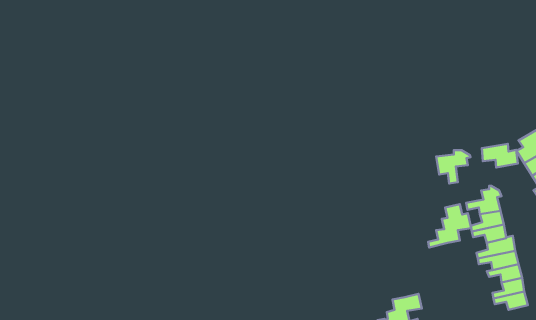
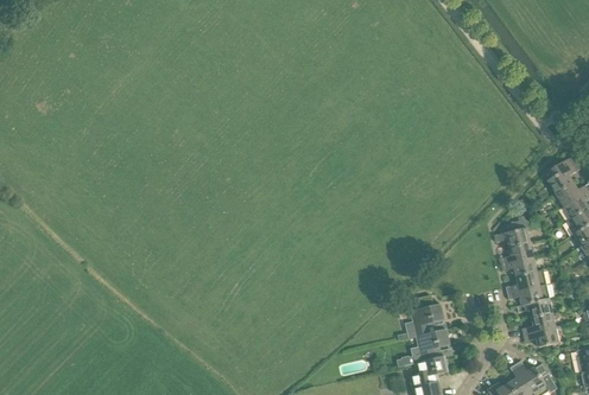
building: [482,144,518,167] -> none
building: [436,150,471,183] -> none
building: [428,204,471,247] -> [398,295,443,340]

